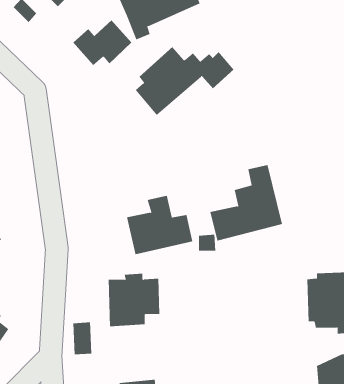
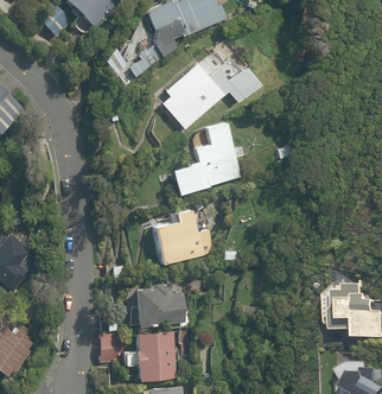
building: [210,164,283,241] -> [170,122,241,197]
building: none -> [123,333,173,383]

